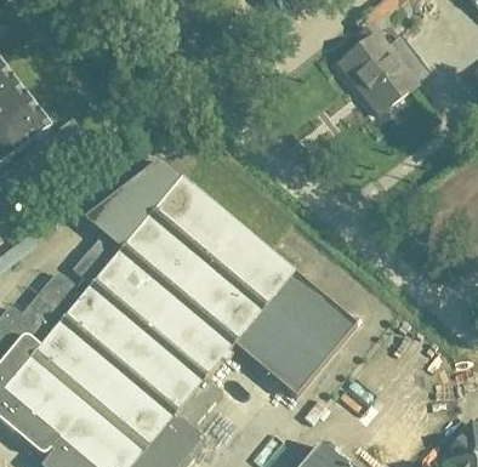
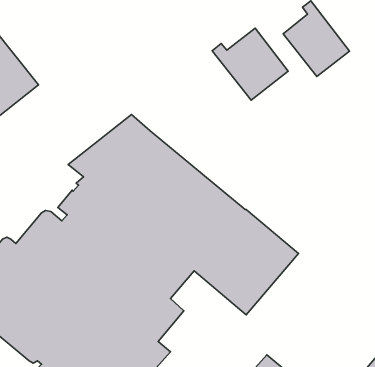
building: none -> [212,28,288,100]

